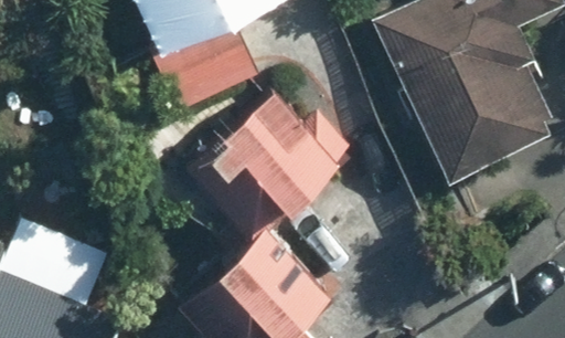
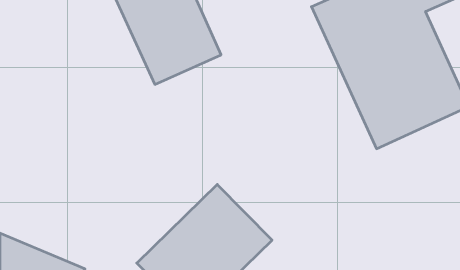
building: [189,86,355,232] -> none

